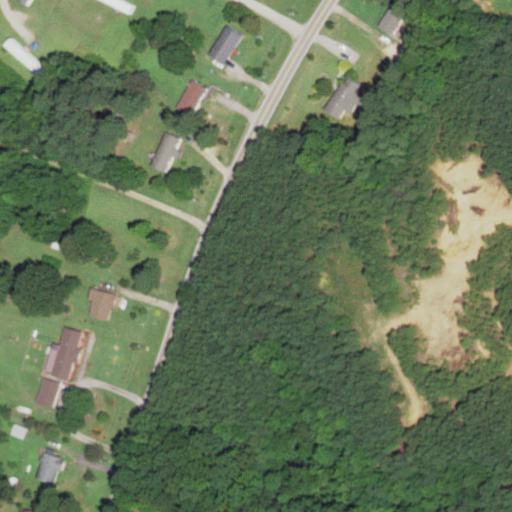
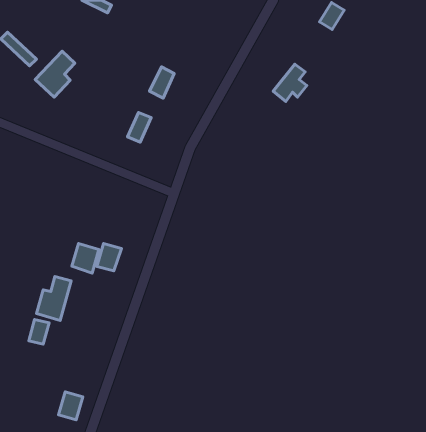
building: [207,25,241,64] -> none
building: none -> [35,51,75,97]
building: none -> [97,243,121,271]
building: [35,452,64,485] -> [58,392,83,420]

